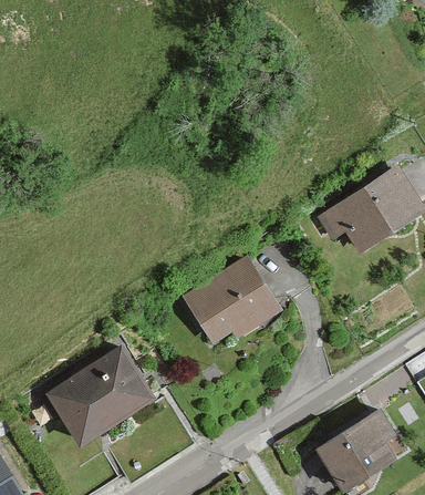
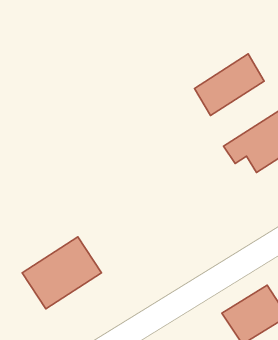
building: none -> [195,54,264,116]
building: [183,258,281,341] -> none

